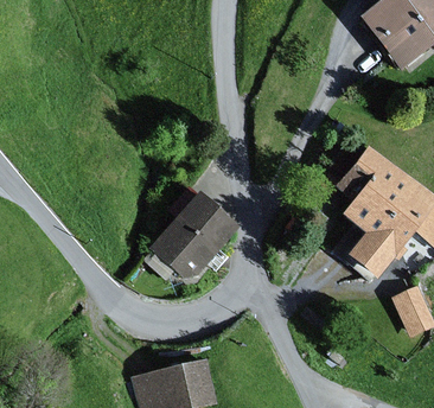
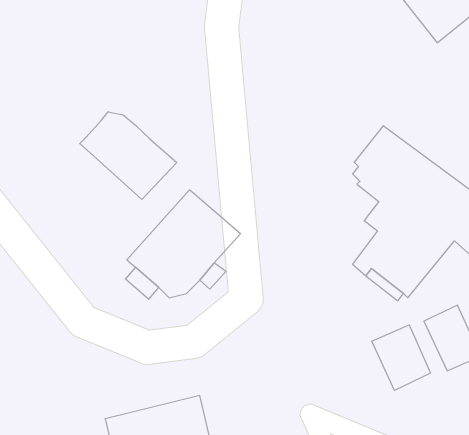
building: none -> [80,112,177,199]
building: none -> [372,325,430,390]

